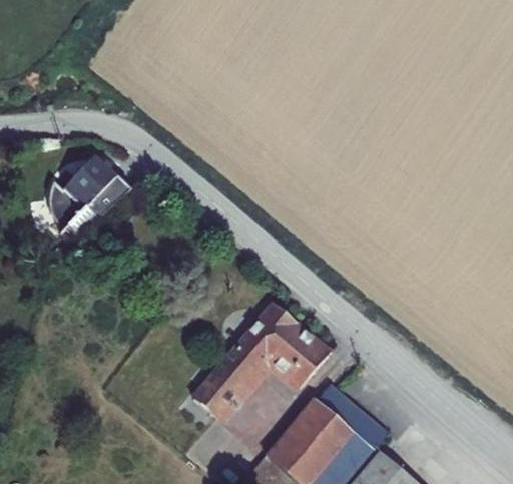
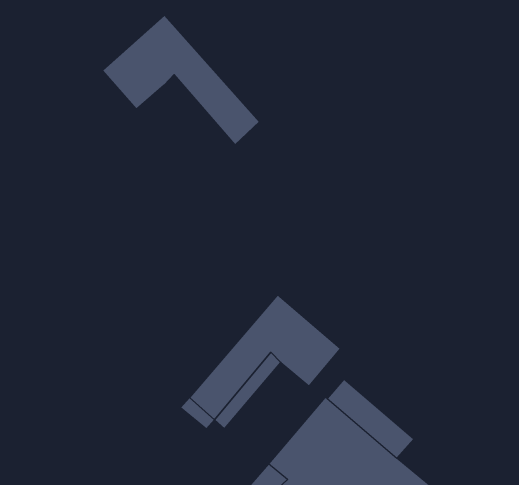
building: none -> [102,15,259,145]
building: [43,155,130,238] -> none

